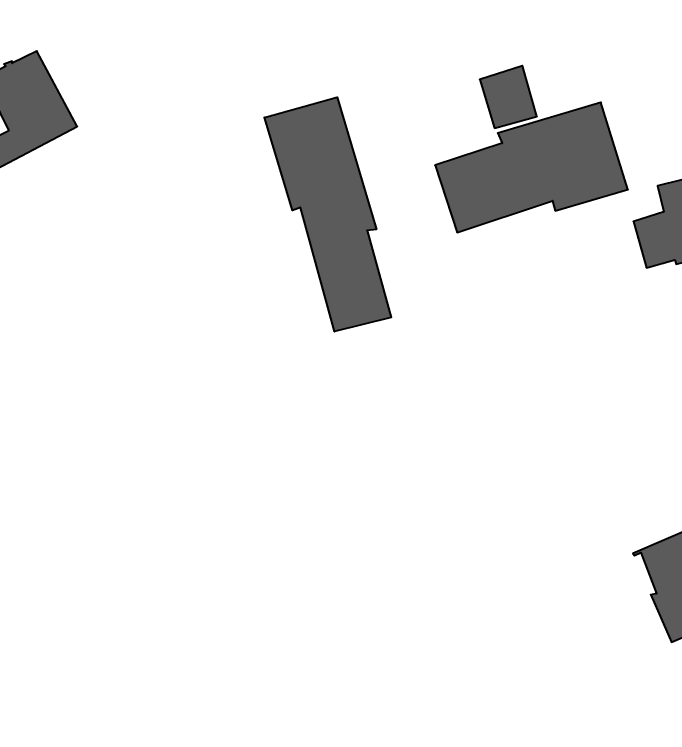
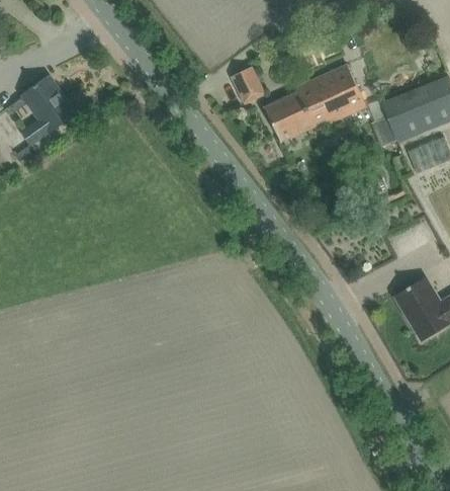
building: [480,66,537,128] -> [231,68,263,102]
building: [264,97,391,332] -> none

